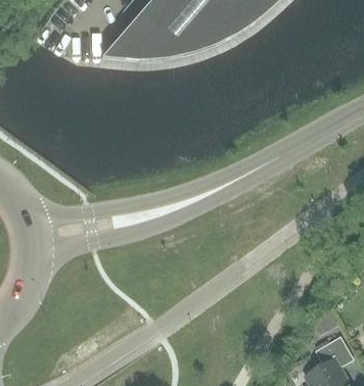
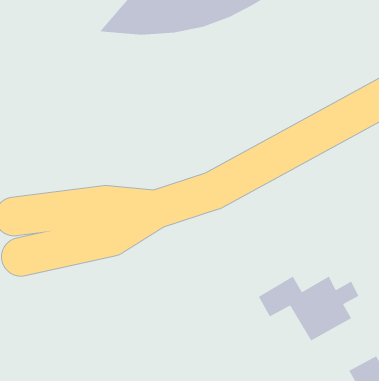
building: none -> [258,275,360,342]

